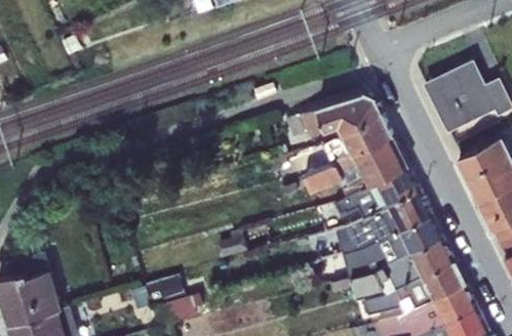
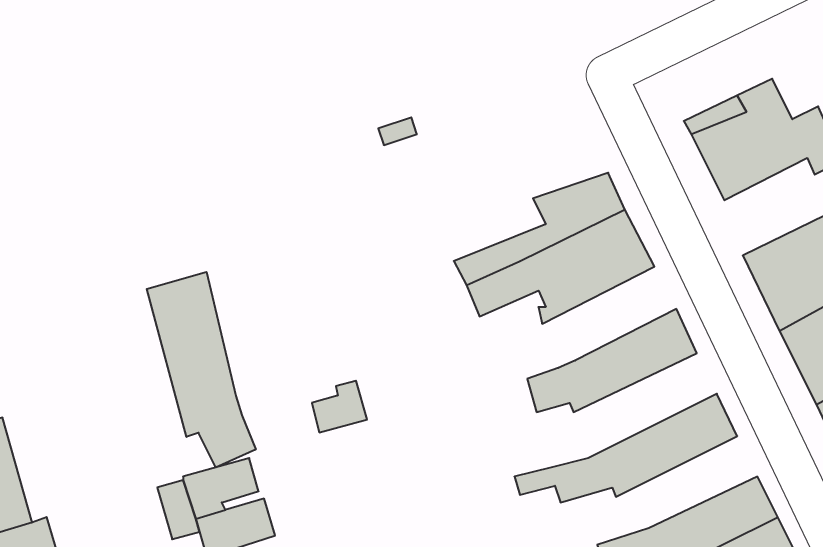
building: [283,94,381,139] -> none
building: [334,168,419,220] -> none
building: none -> [147,272,256,467]
building: [342,216,441,280] -> none
building: [362,262,464,317] -> none

